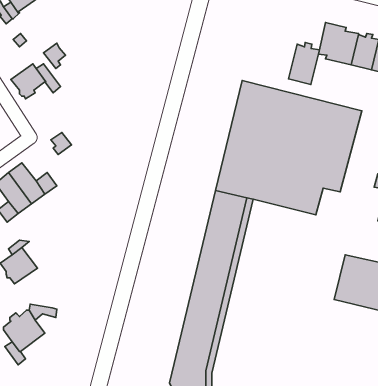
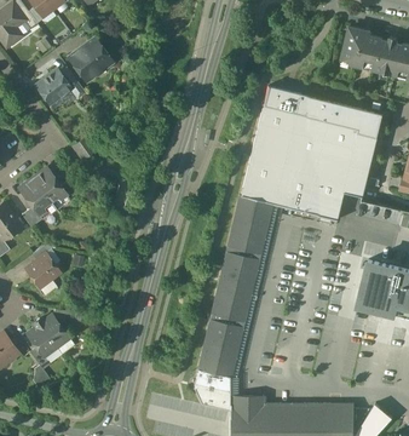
building: none -> [82,42,113,75]
building: [289,42,319,84] -> none

